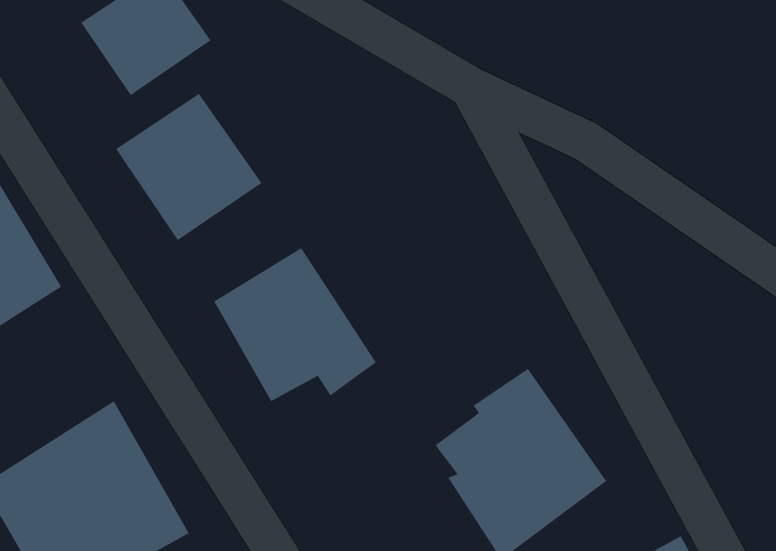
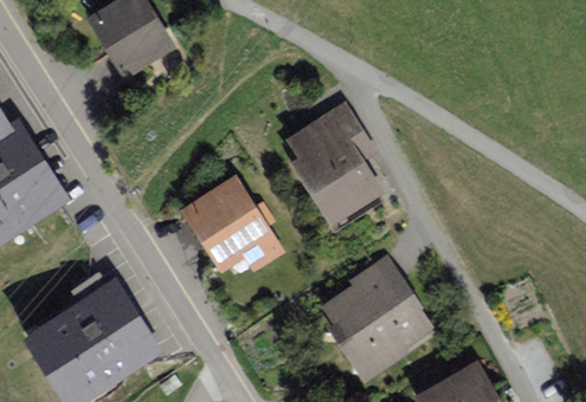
building: [115,93,262,241] -> none
building: none -> [288,98,389,231]

